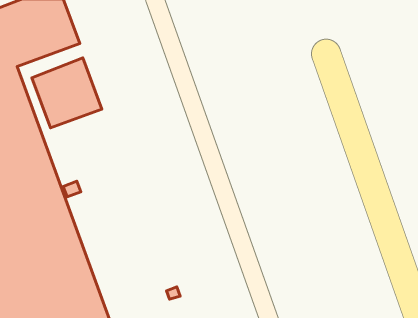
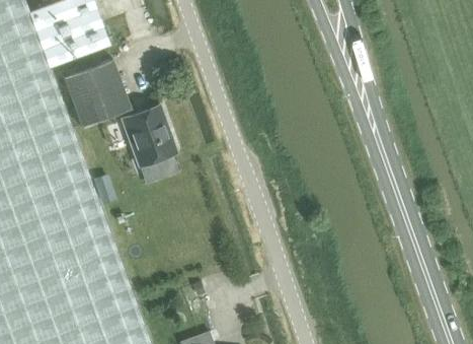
building: none -> [123,106,179,184]

